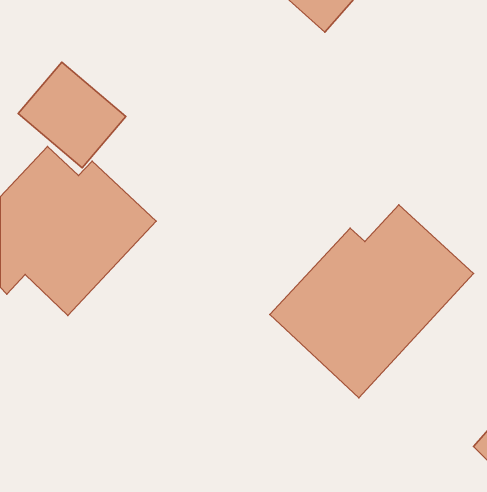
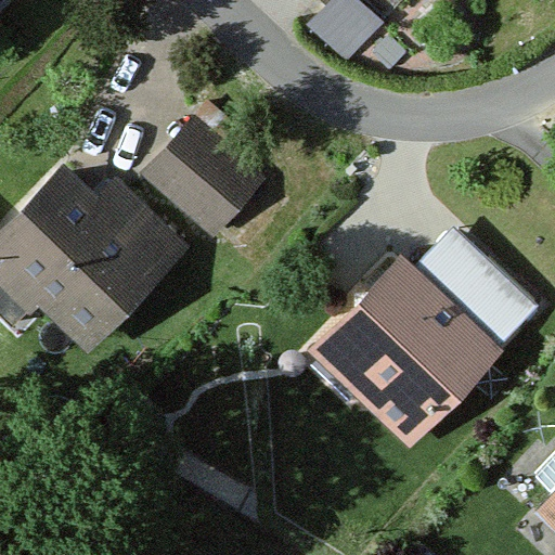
building: [18,62,126,168] -> [145,119,266,237]

